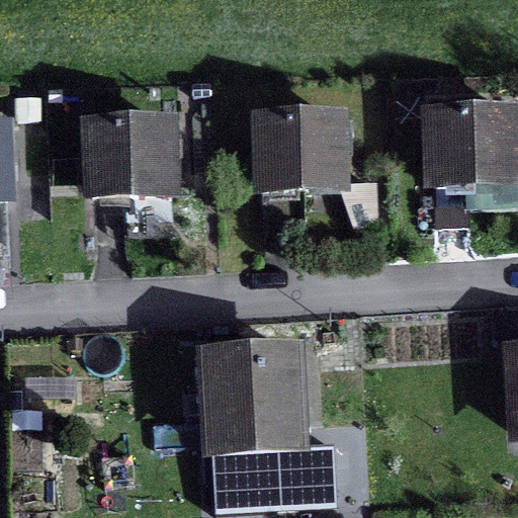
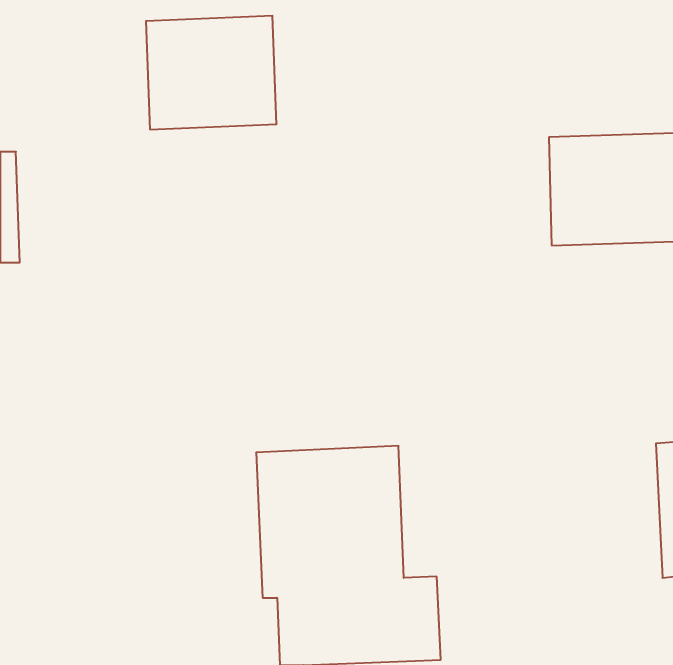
building: [252,108,351,194] -> none
building: [82,112,182,199] -> [146,16,277,129]

